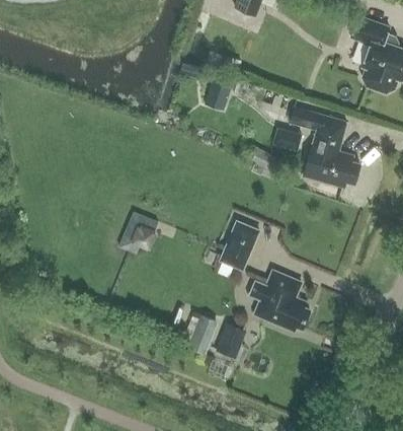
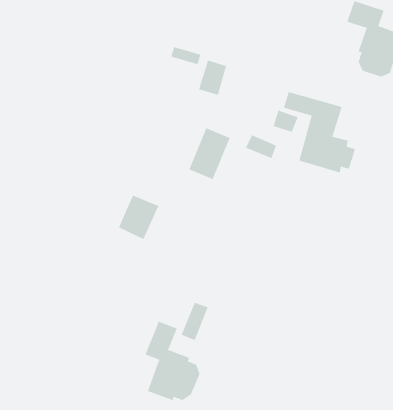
building: [218,220,259,272] -> [188,128,230,180]
building: [247,271,309,331] -> none
building: [215,324,246,359] -> none
building: none -> [145,321,200,401]

